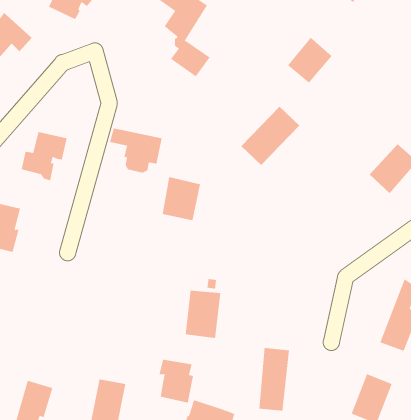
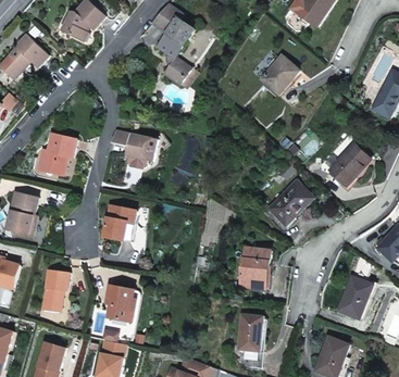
building: [240,106,300,166] -> [262,181,312,231]
building: [162,176,201,221] -> [103,204,136,241]
building: [185,290,221,338] -> [240,248,271,288]
building: none -> [42,269,70,312]
building: [159,359,194,403] -> [105,285,135,322]

